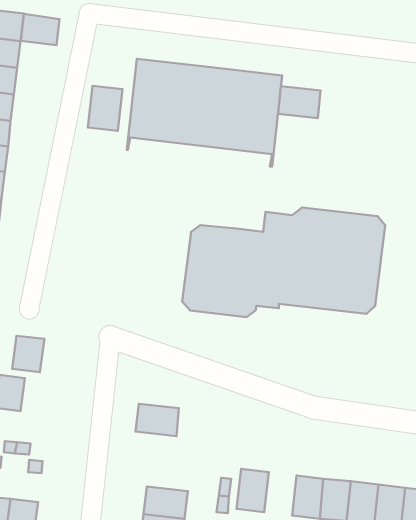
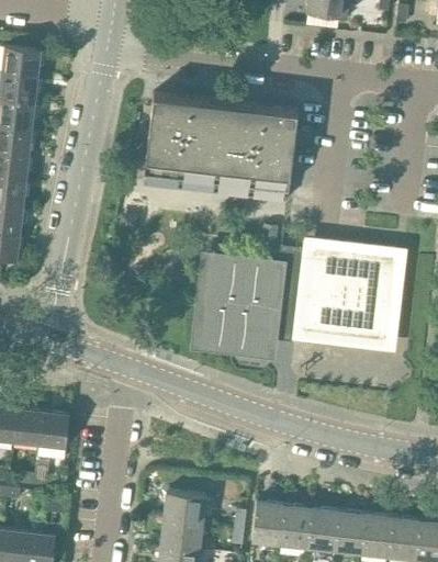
building: [21,14,59,45] -> none
building: [88,86,122,131] -> none
building: [278,86,321,118] -> none
building: [12,336,44,372] -> [38,413,70,449]
building: [135,404,179,436] -> [164,493,206,525]
building: none -> [280,506,312,549]

